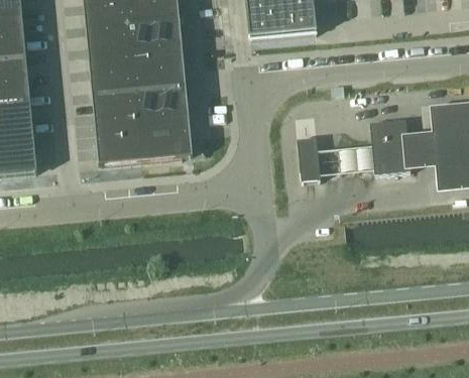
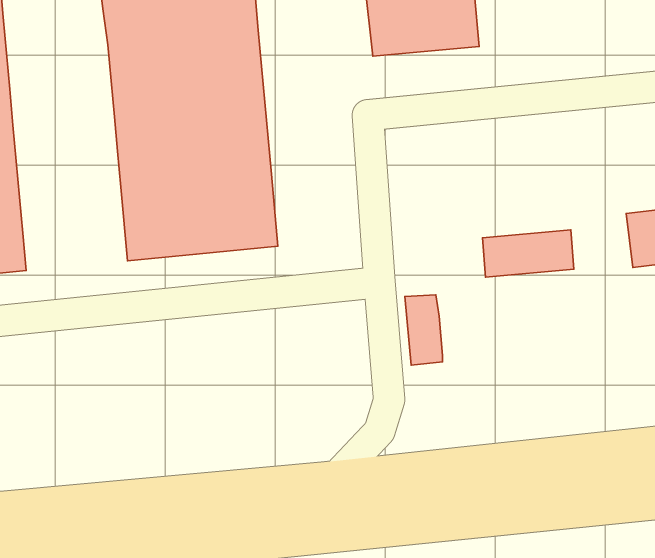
building: [368,118,409,172] -> none
building: [296,136,319,179] -> [405,295,442,365]

